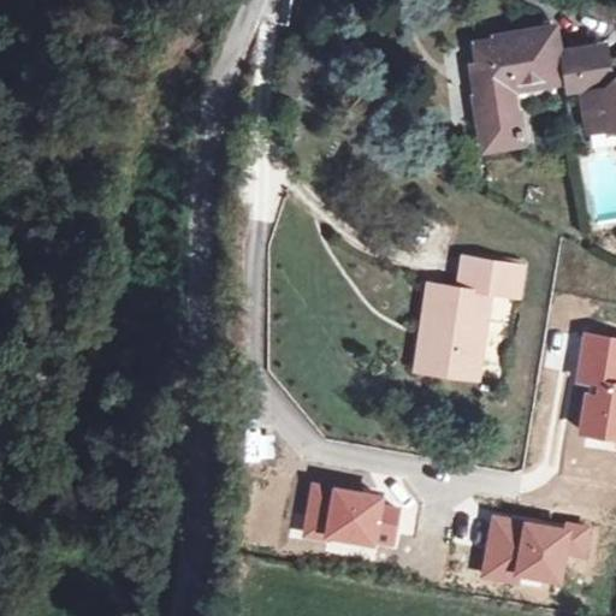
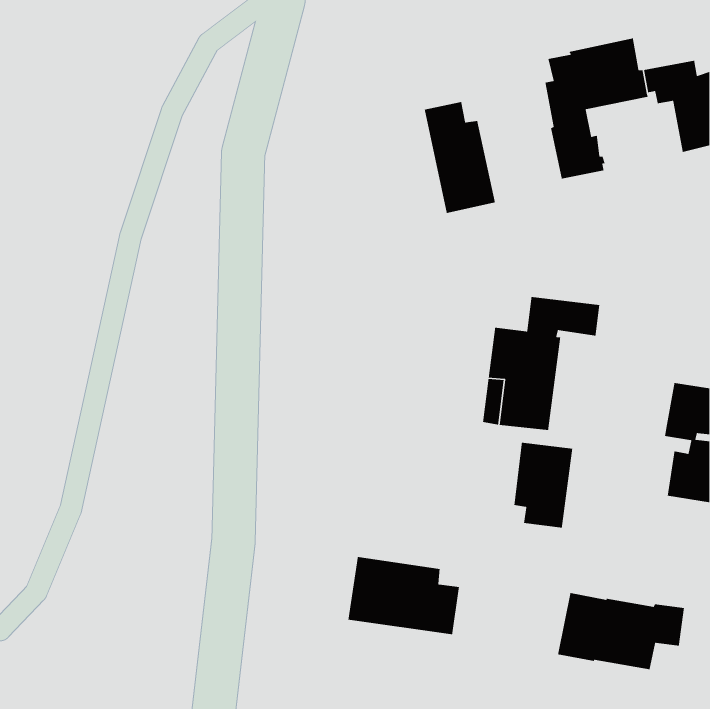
building: none -> [424,101,496,214]
building: none -> [513,442,573,529]

